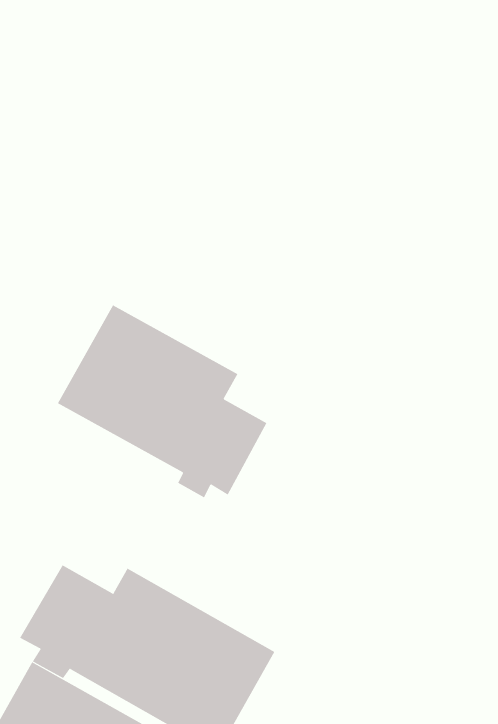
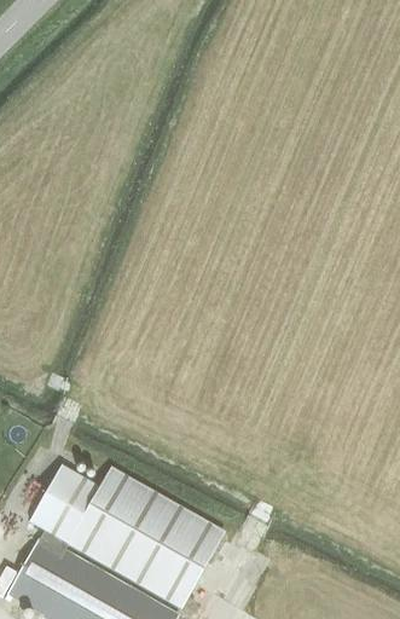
building: [57,305,267,498] -> none

